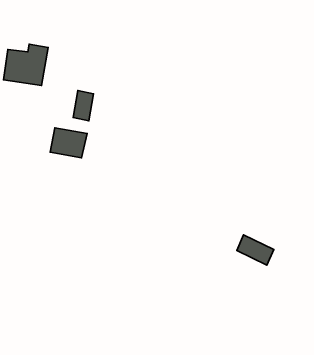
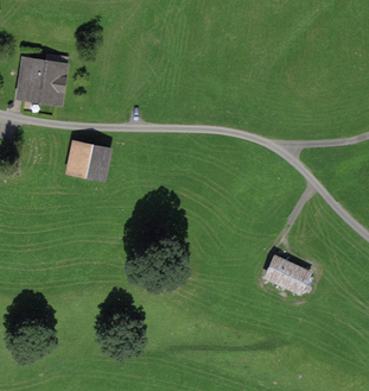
building: [73,91,94,121] -> none

